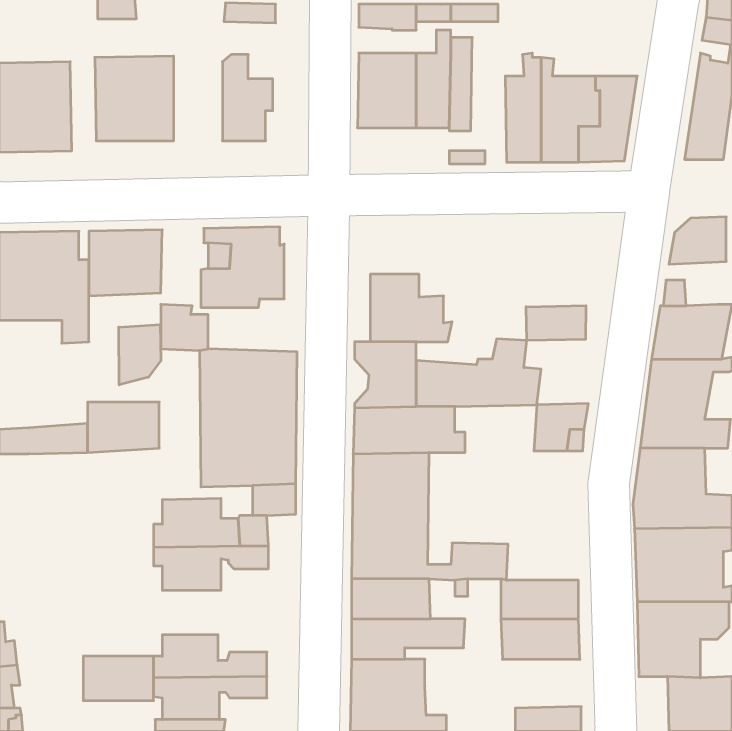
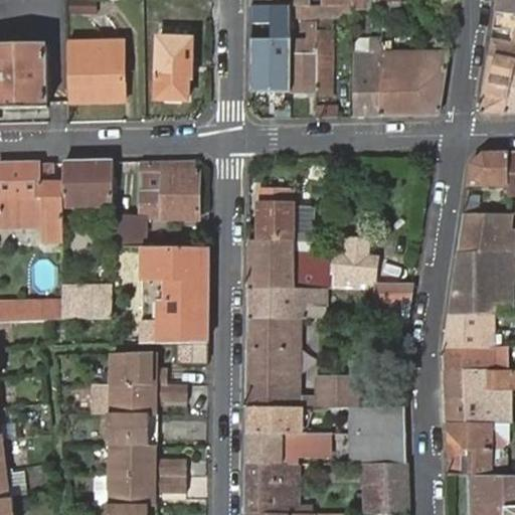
building: [526,306,586,340] -> none
building: [119,324,161,385] -> none
building: [83,656,154,701] -> [110,413,159,445]
building: none -> [360,462,407,496]

